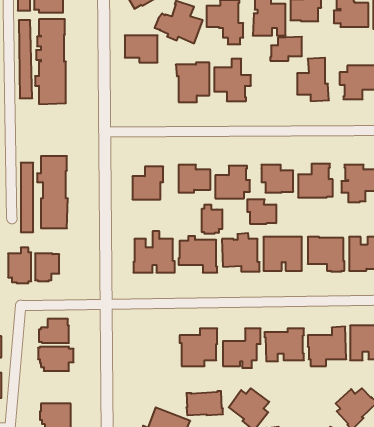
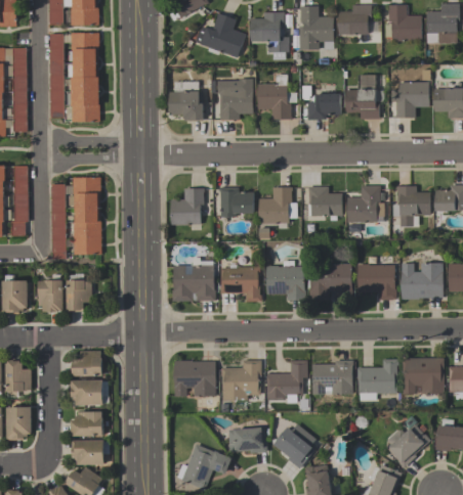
building: [125,35,158,62] -> [168,91,203,120]
building: [270,37,302,61] -> [306,93,340,119]
building: [247,199,276,224] -> none
building: [202,205,222,234] -> none
building: none -> [173,360,215,396]
building: none -> [71,411,103,436]

